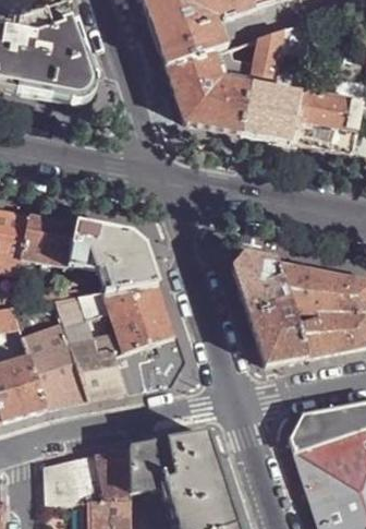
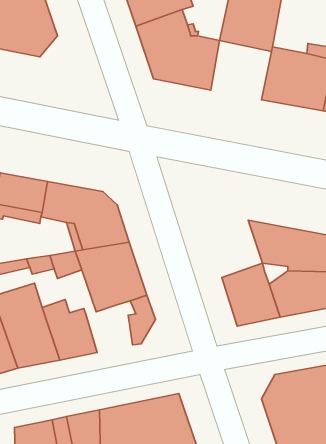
building: [239,84,298,143] -> none
building: [233,255,290,318] -> none
building: [115,346,161,393] -> none

